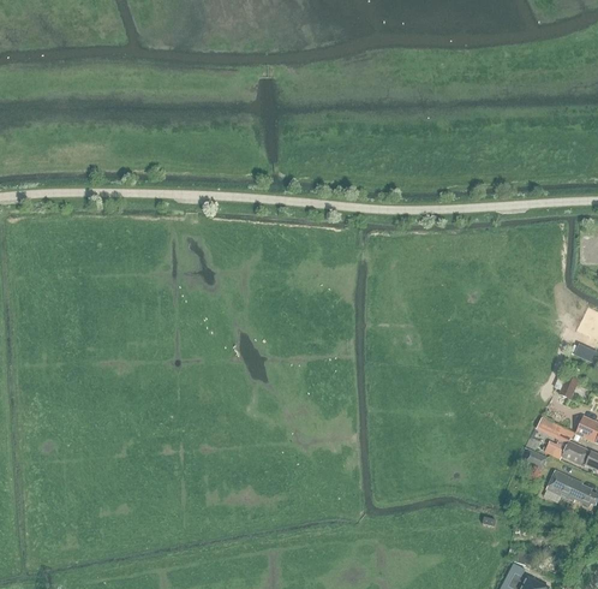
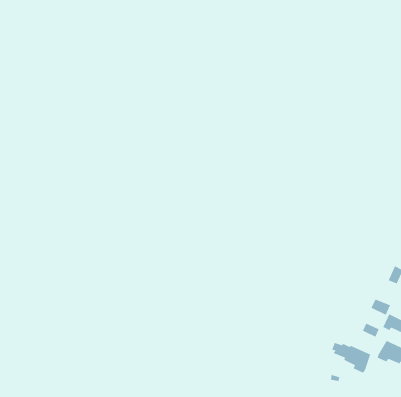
building: none -> [331,342,371,373]

